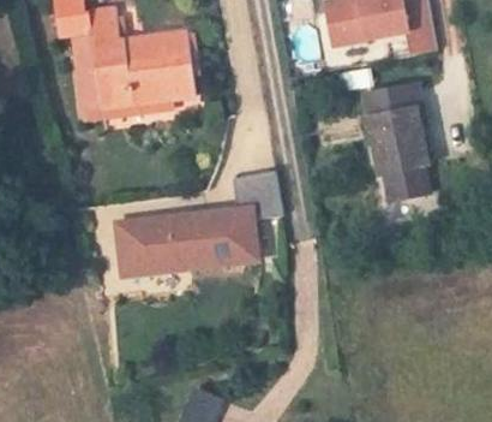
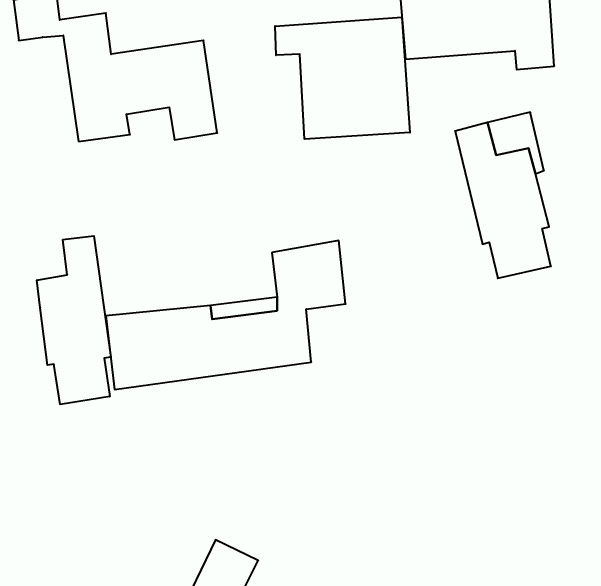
building: none -> [275,17,410,139]
building: [71,29,133,115] -> none
building: none -> [37,236,111,404]

